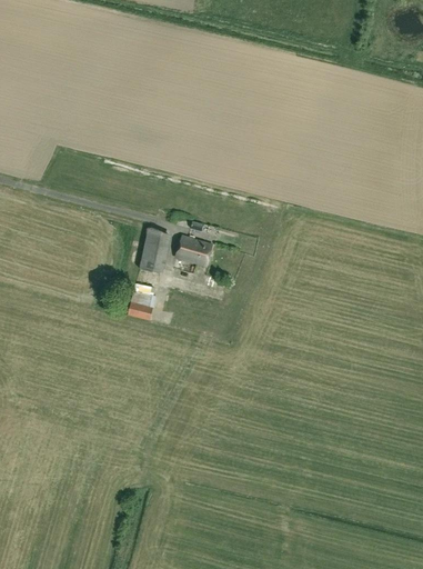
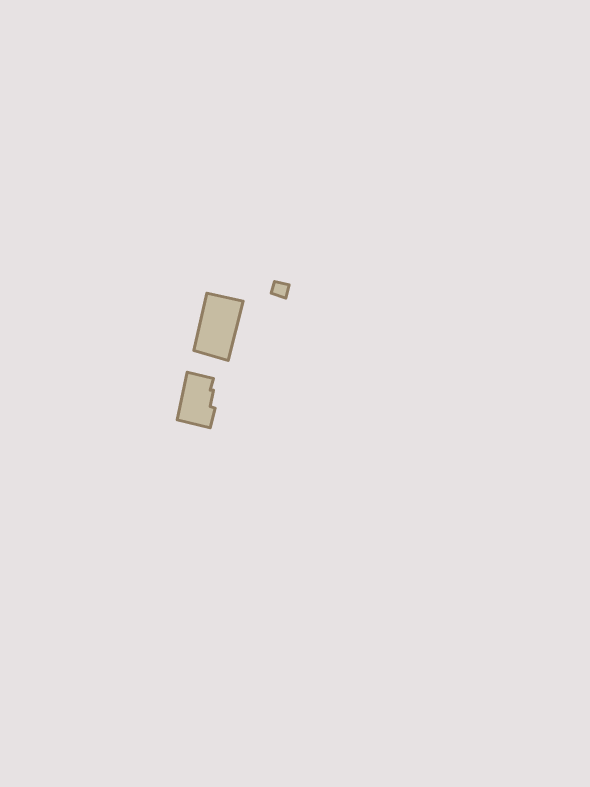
building: [175,236,213,267] -> none

